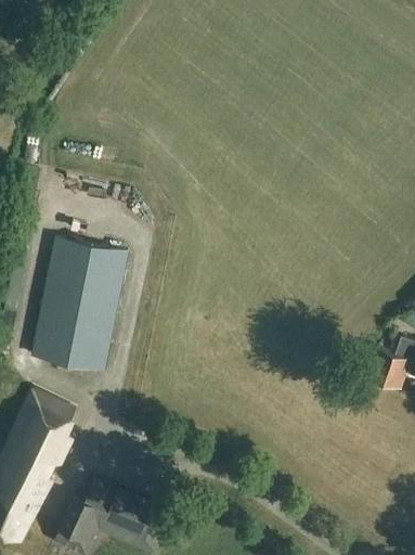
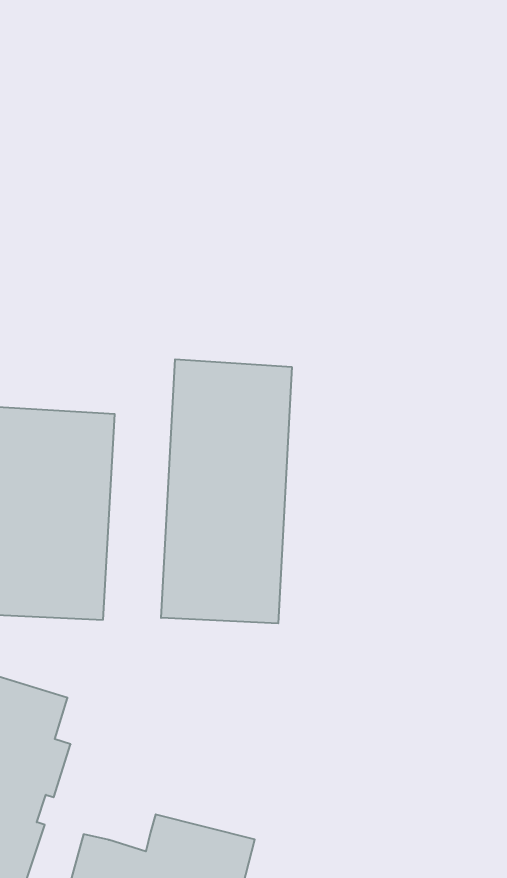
building: none -> [161,359,292,623]

